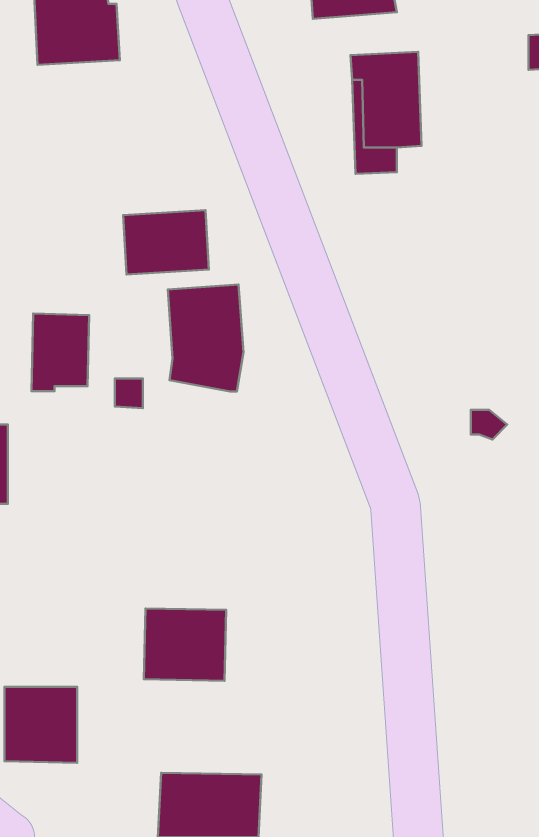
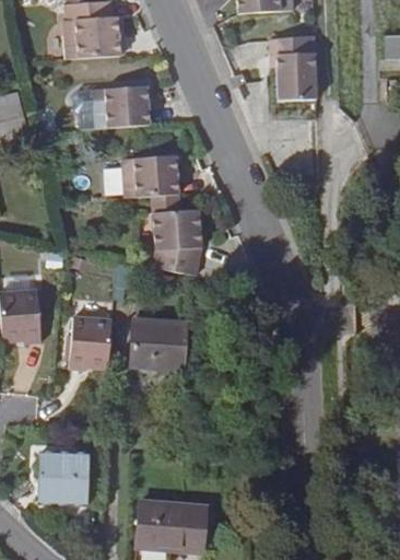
building: none -> [90,73,146,117]
building: [31,314,89,391] -> [69,312,107,363]
building: [144,608,226,681] -> [133,327,188,375]

